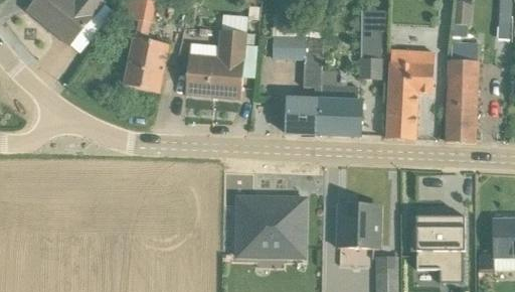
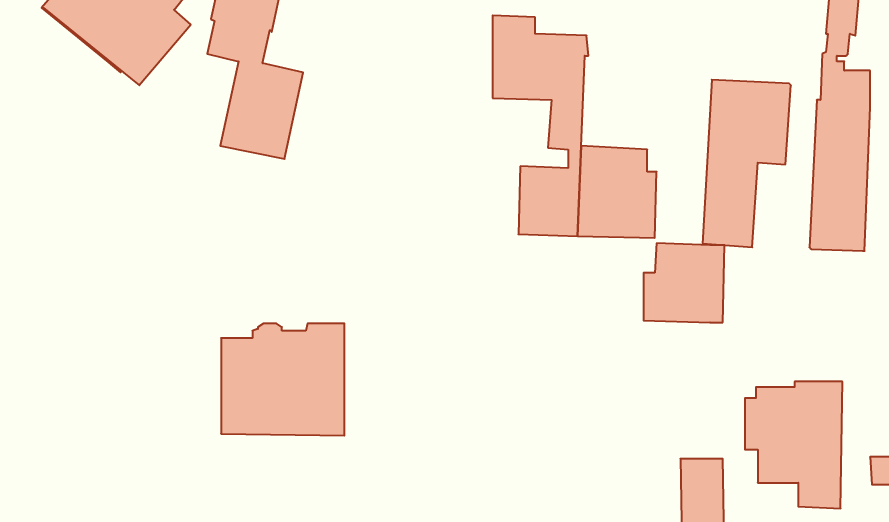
building: [360,10,385,71] -> none
building: [185,14,247,99] -> none
building: [236,197,304,259] -> [221,323,344,436]
building: [337,204,381,248] -> [644,243,725,322]

